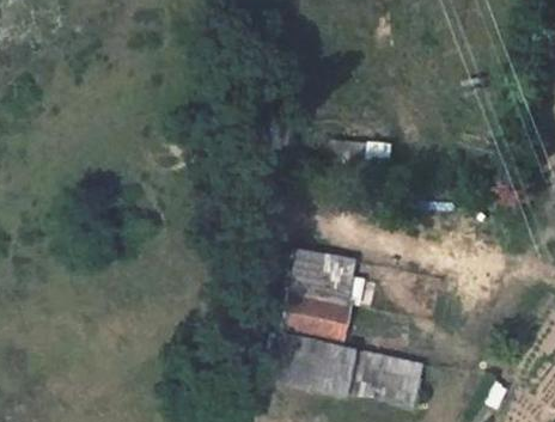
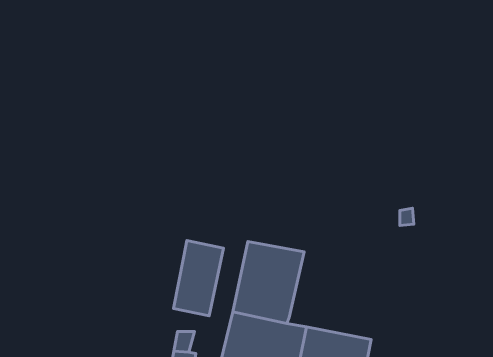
building: none -> [173,240,223,316]

